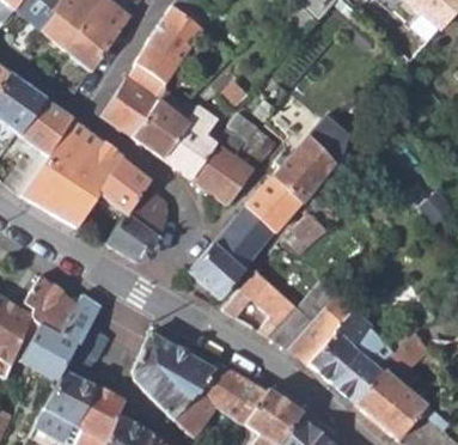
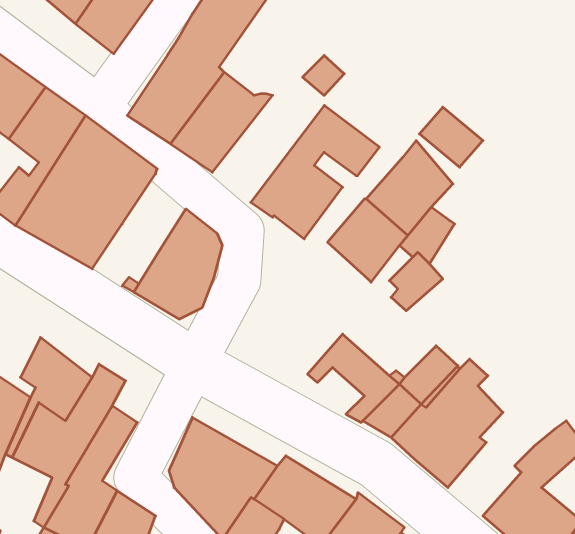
building: [163,102,222,178] -> none
building: [98,158,147,212] -> none
building: [188,207,274,300] -> none
building: [331,329,408,403] -> none

